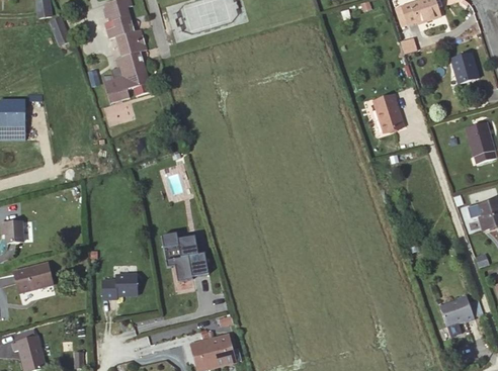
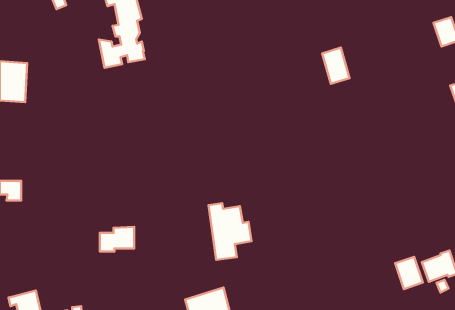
building: [375,94,403,131] -> [322,48,350,84]
building: [166,234,211,292] -> [208,203,252,260]
building: [14,261,50,289] -> none
building: none -> [395,257,423,289]

